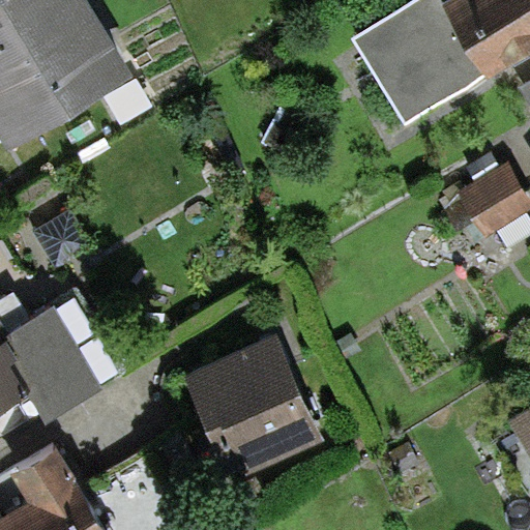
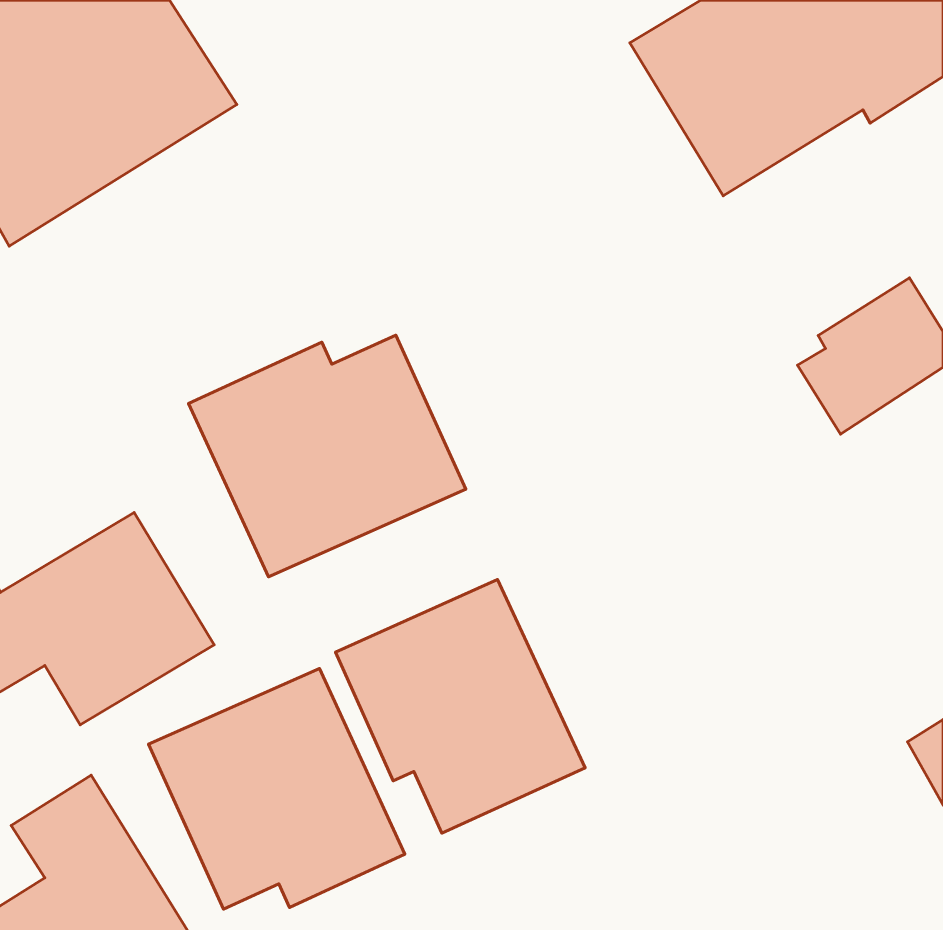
building: none -> [189,335,466,577]
building: none -> [148,669,405,909]

